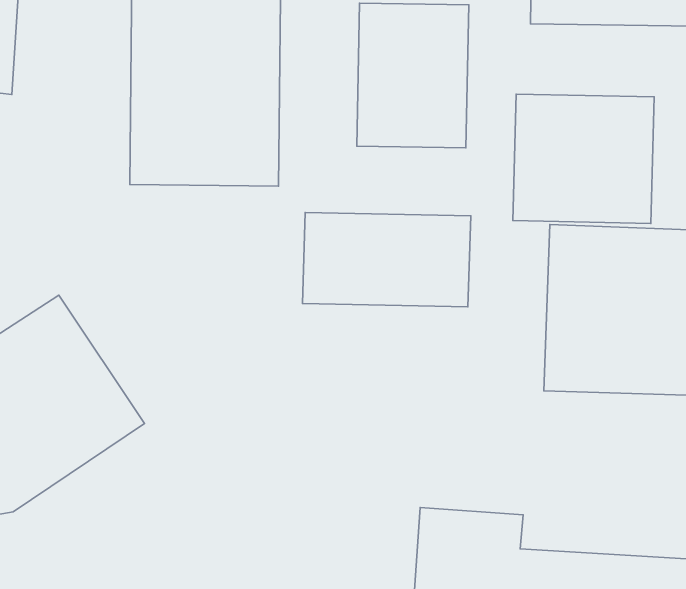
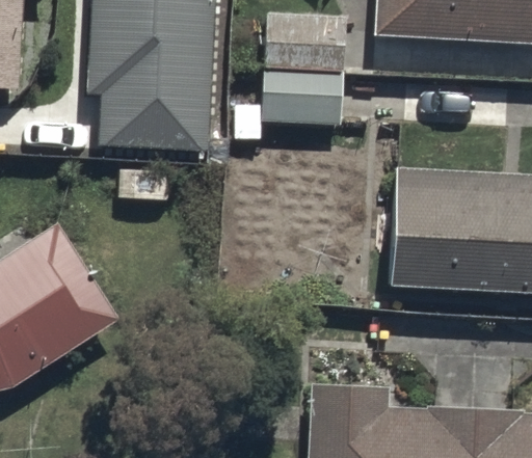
building: [513,94,654,223] -> none
building: [302,212,471,307] -> none

